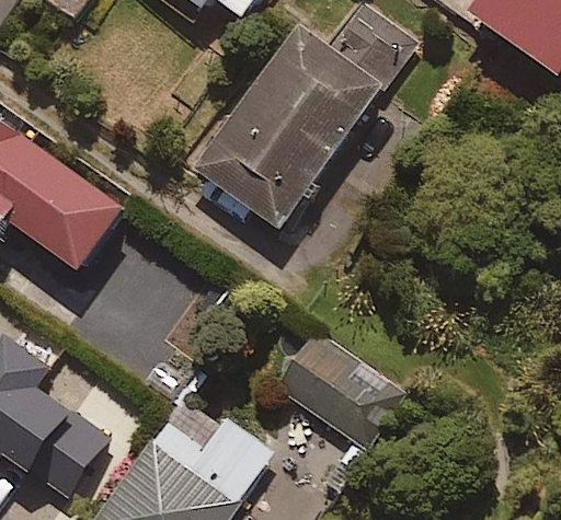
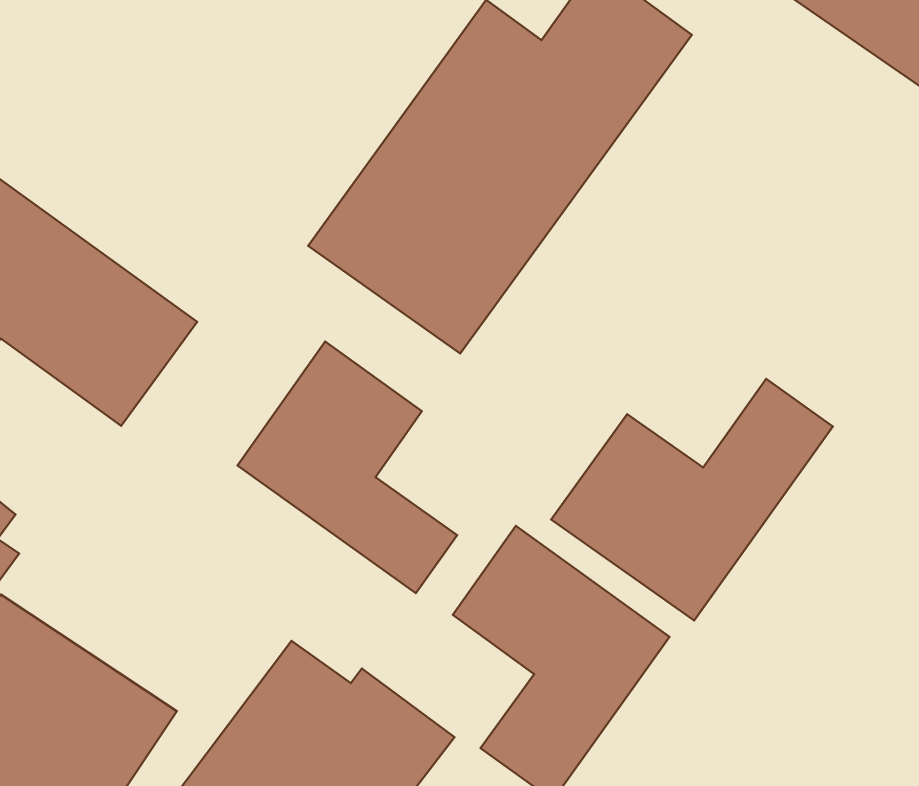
building: none -> [238,341,457,593]
building: none -> [551,379,833,620]

